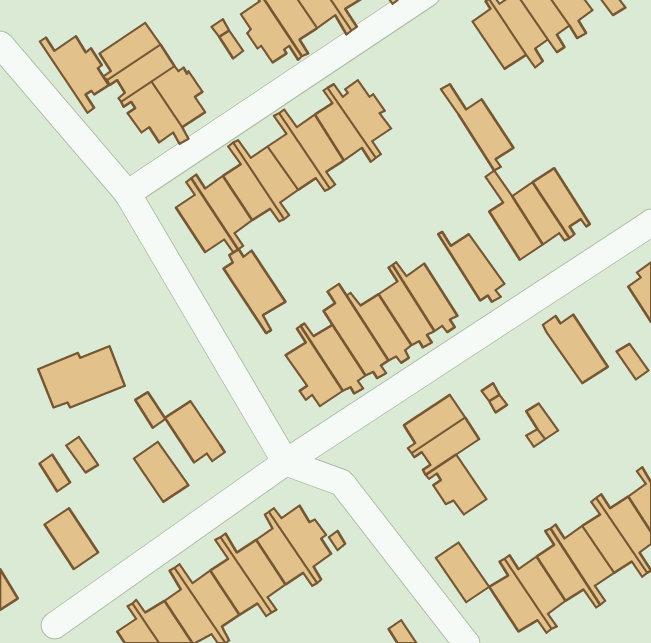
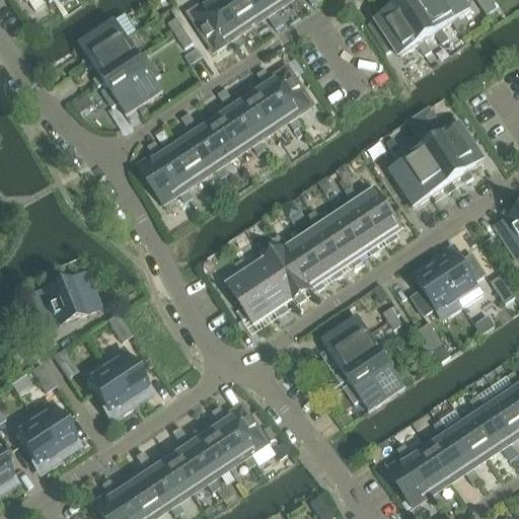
building: [40,36,109,113] -> none
building: [441,84,513,171] -> [427,109,485,178]
building: none -> [338,187,382,252]
building: [224,249,285,333] -> none
building: none -> [412,265,463,318]
building: [165,401,225,462] -> [86,365,134,414]
building: none -> [14,412,59,466]
building: [436,542,489,602] -> [363,350,405,397]

